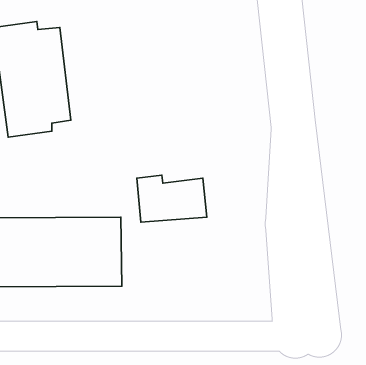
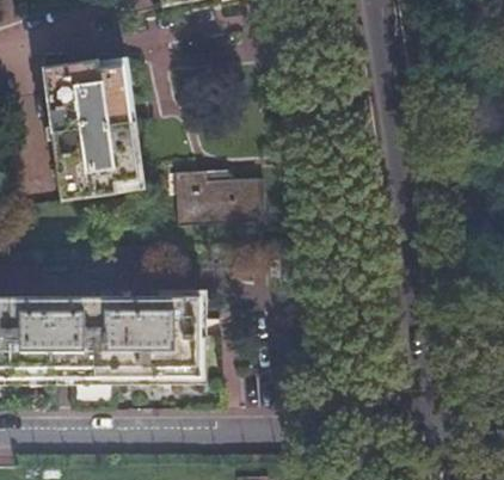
building: [137,175,207,222] -> [174,167,258,223]

